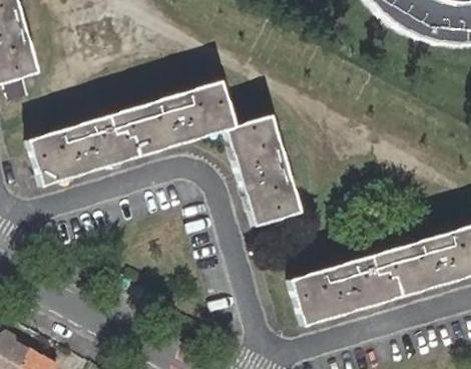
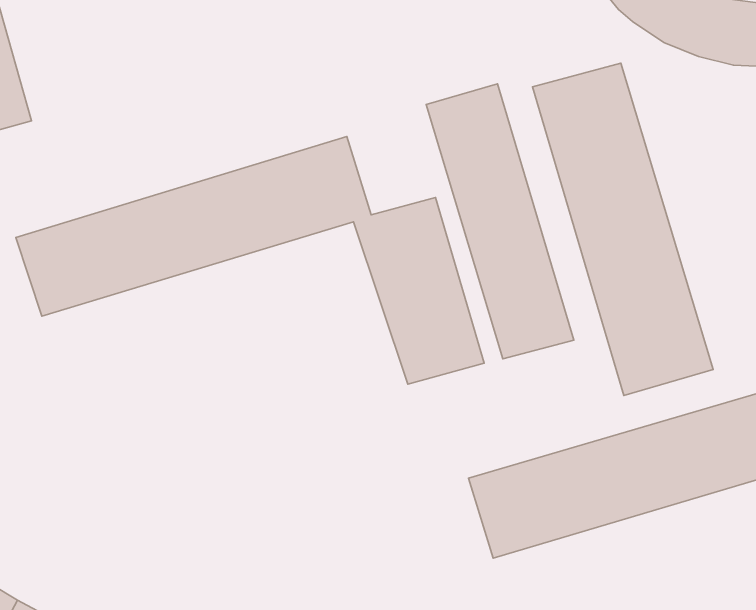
building: none -> [532,63,713,395]
building: none -> [426,84,574,359]

